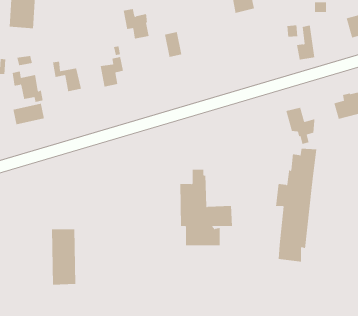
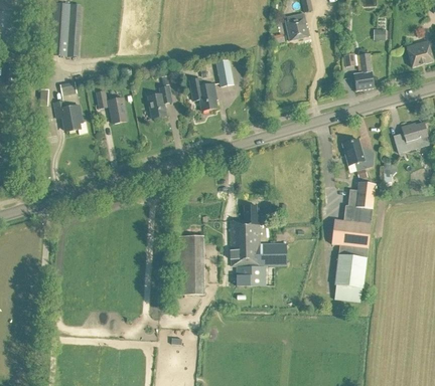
building: [123,9,150,39] -> [189,77,218,110]
building: [13,103,45,125] -> none
building: [51,229,76,285] -> [178,235,204,295]

